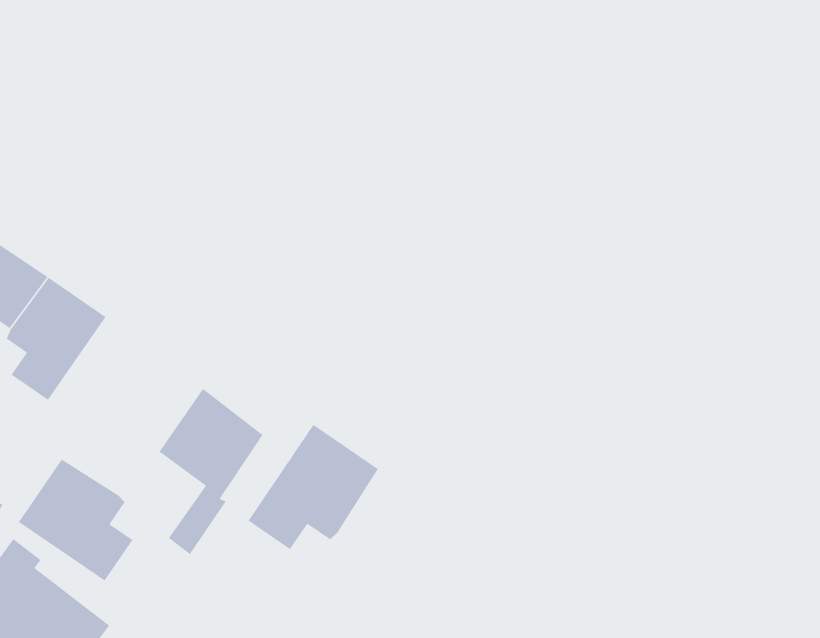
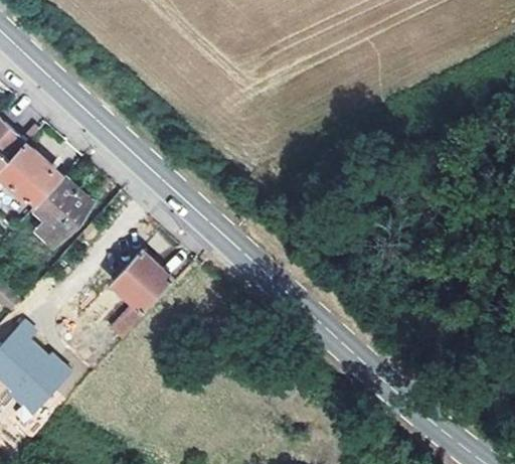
building: [247,424,379,550] -> none
building: [18,458,133,581] -> none

